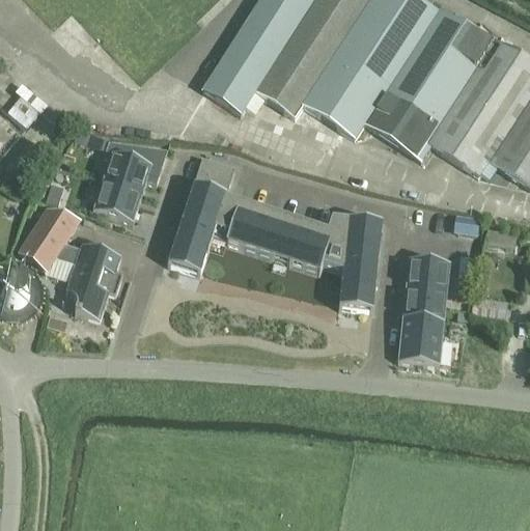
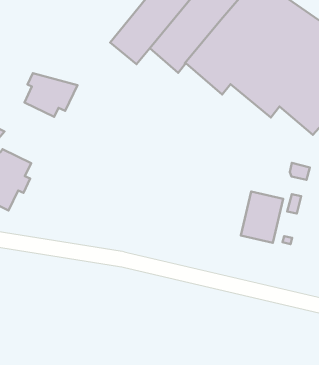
building: [167,157,382,310] -> none
building: [92,179,142,222] -> none
building: [396,315,444,365] -> none

